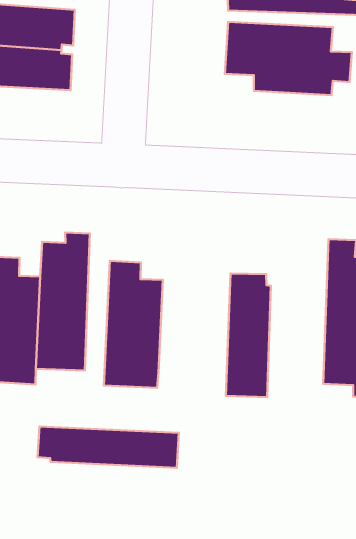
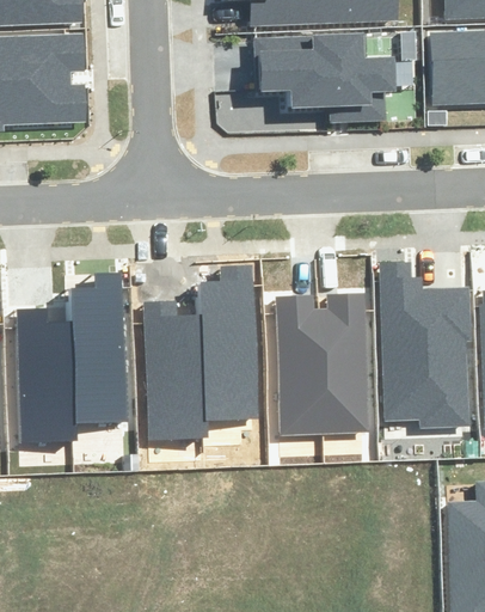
building: none -> [202,269,259,418]
building: none -> [320,301,370,435]
building: [38,427,179,468] -> none

